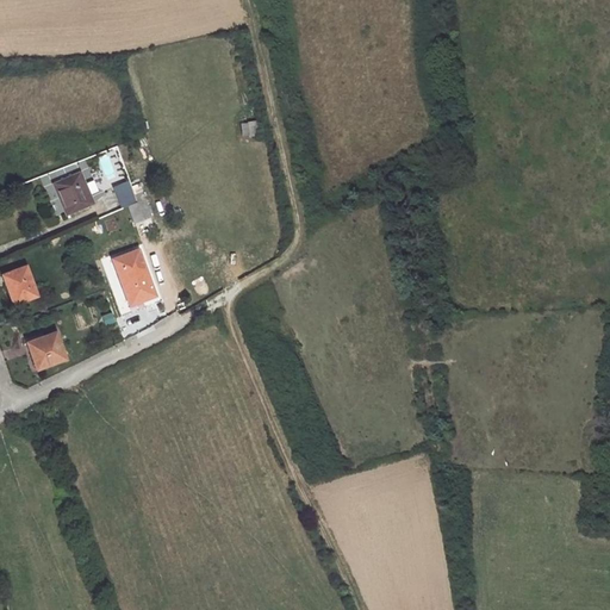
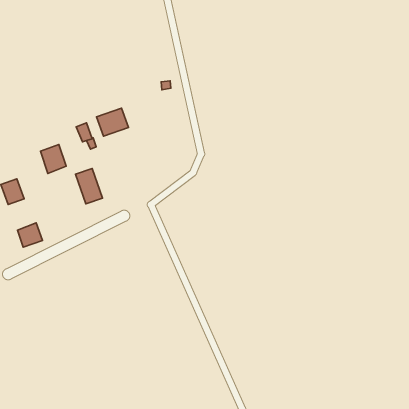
building: none -> [97,108,129,136]
building: [55,169,93,212] -> [40,145,66,174]

